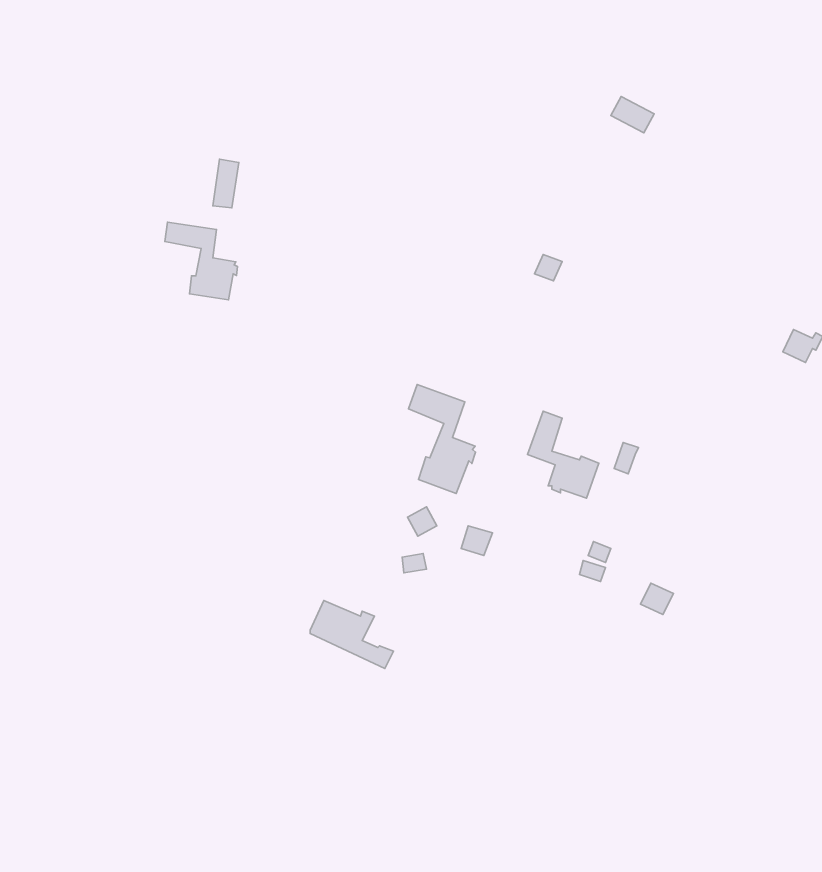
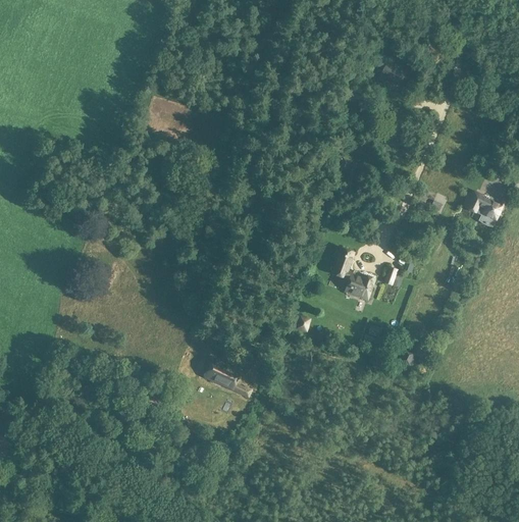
building: [165,222,238,300] -> none
building: [408,385,475,493] -> none

